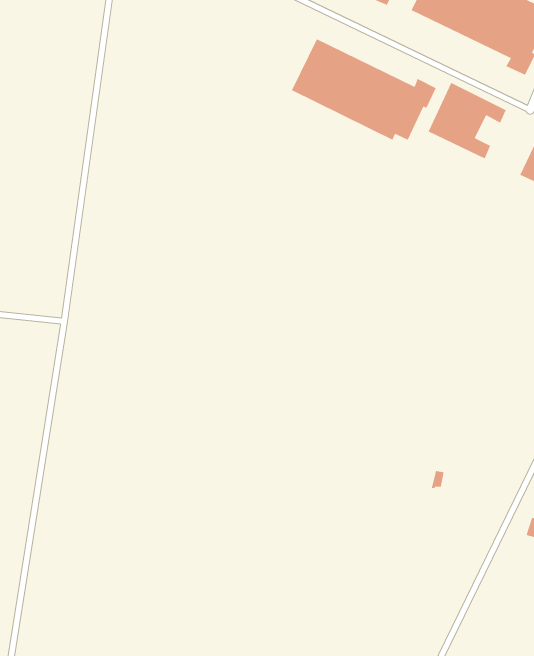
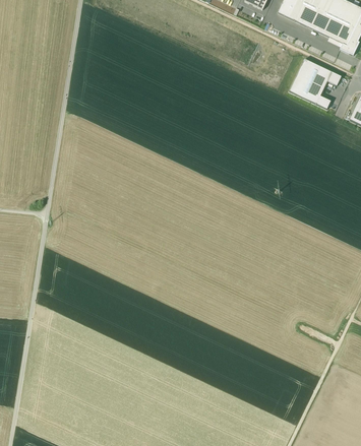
building: [291,38,437,141] -> none

